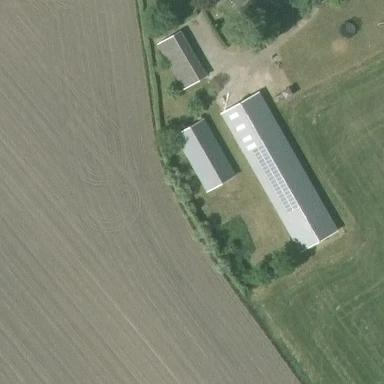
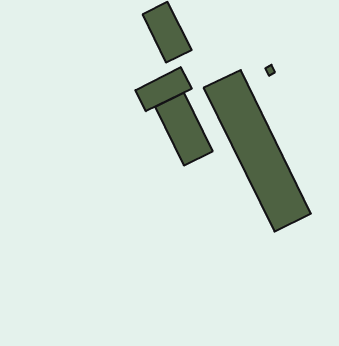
building: none -> [135,67,192,111]

